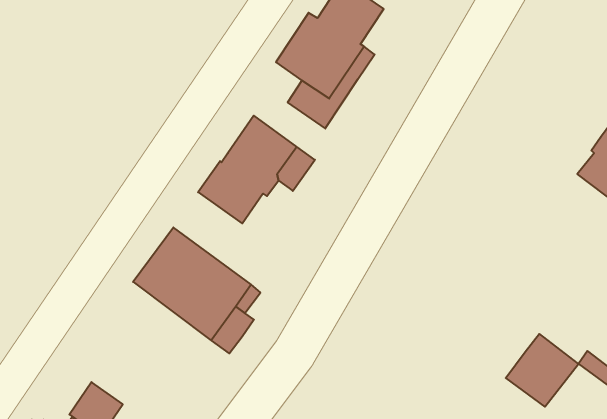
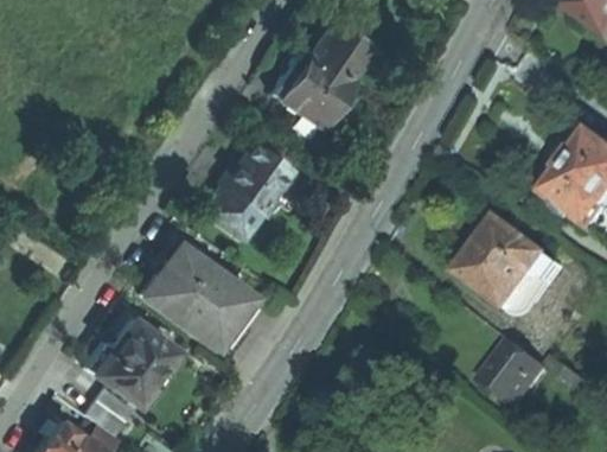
building: none -> [460,219,563,311]
building: none -> [83,319,172,403]

